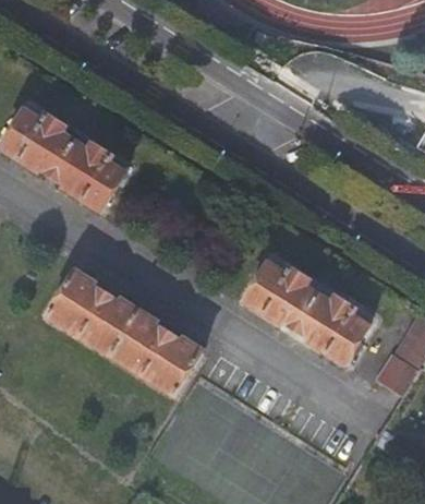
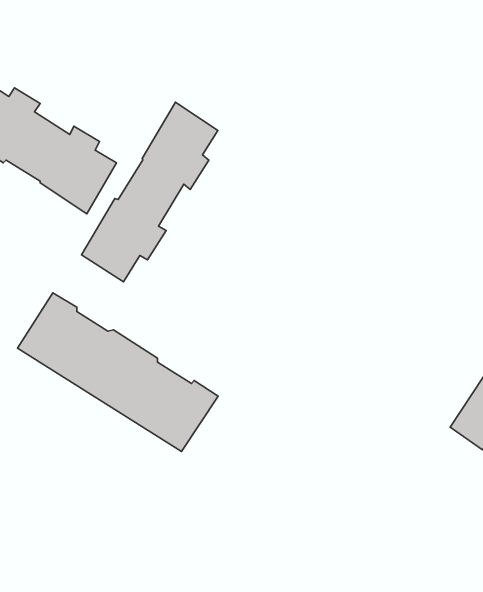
building: none -> [82,102,218,282]
building: [243,262,368,362] -> none

